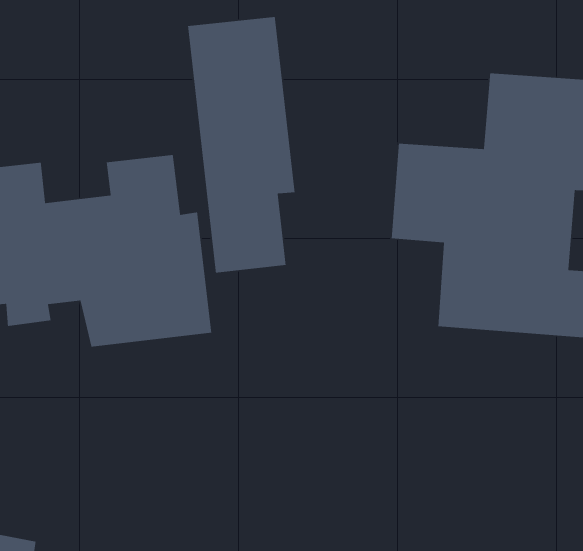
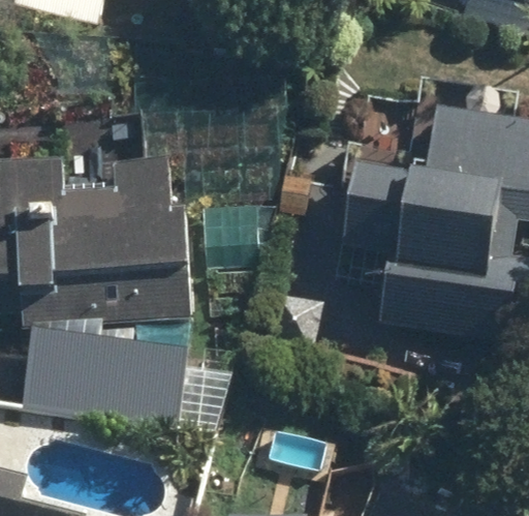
building: none -> [17,327,230,433]

